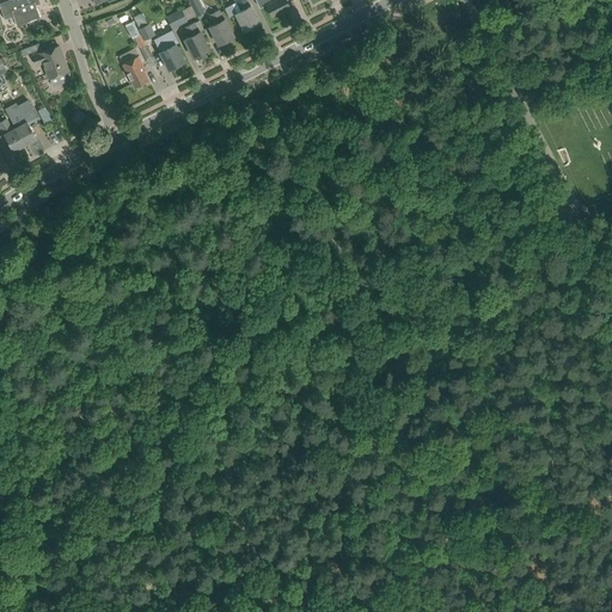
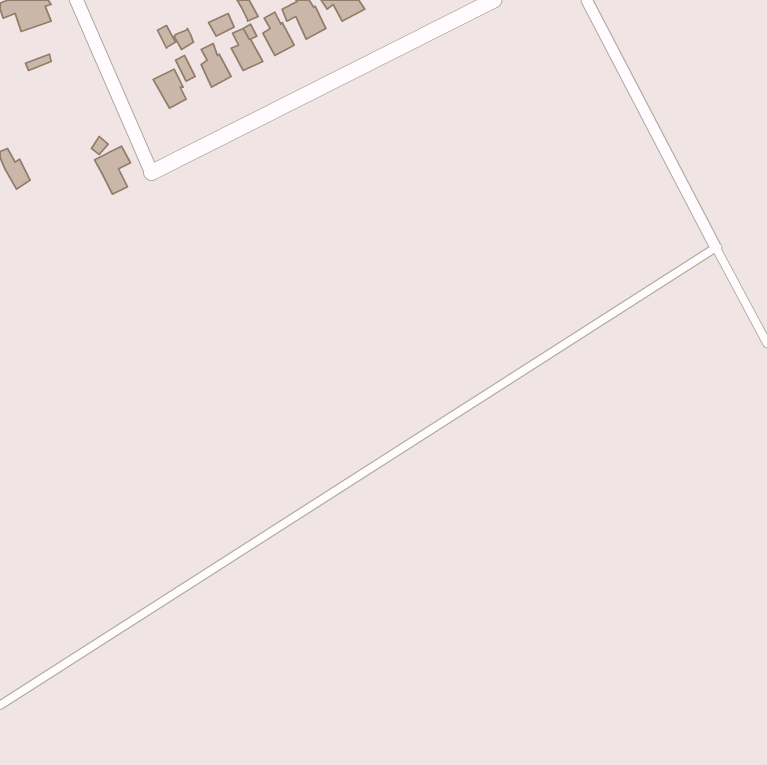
building: [33,47,68,79] -> none
building: [10,106,38,145] -> [94,146,130,194]

